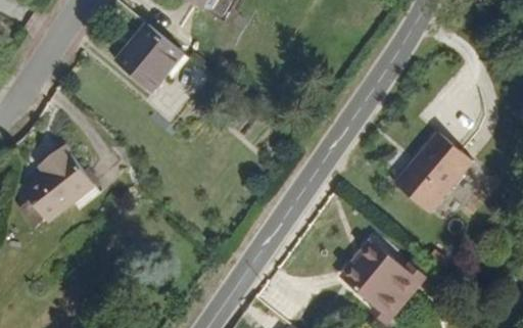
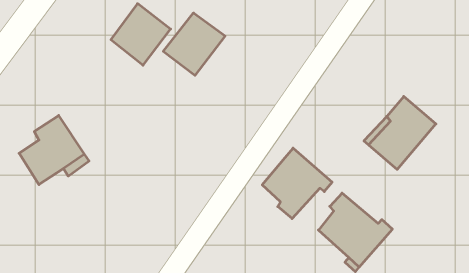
building: none -> [163,13,225,75]
building: none -> [262,148,332,219]

